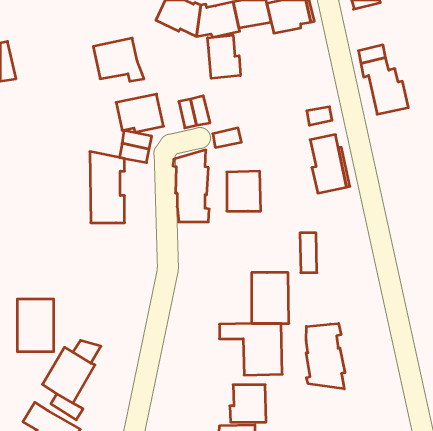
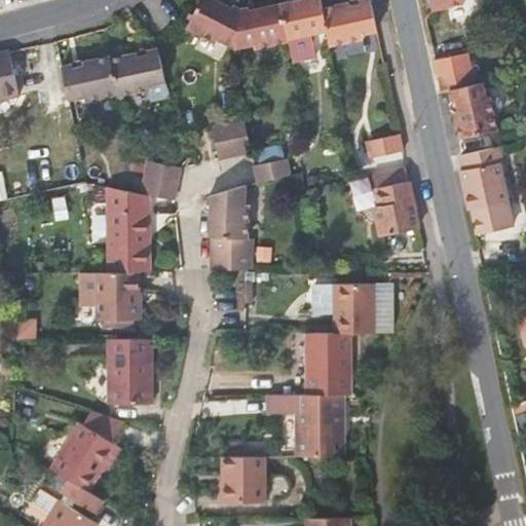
building: [208,35,240,78] -> none
building: [116,94,164,132] -> [64,57,121,103]
building: none -> [454,148,506,233]
building: [227,171,261,211] -> [324,285,365,333]
building: none -> [99,272,141,318]
building: [17,299,54,352] -> [108,338,152,402]
building: [306,323,345,389] -> none
building: [230,385,266,422] -> [221,457,265,502]

